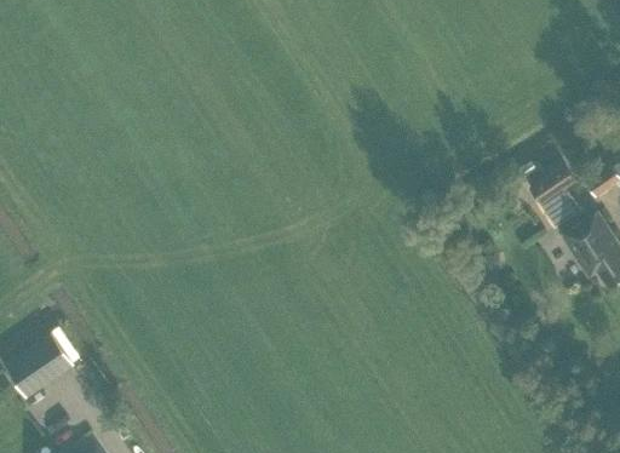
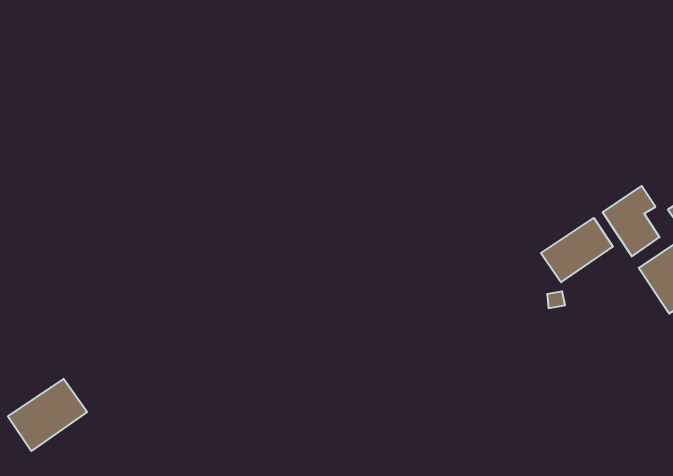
building: none -> [541,218,613,282]

